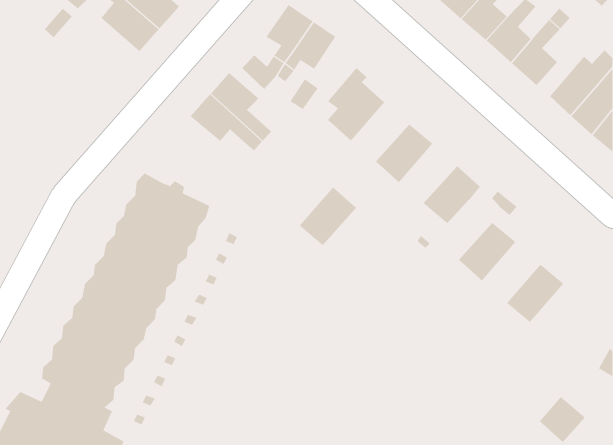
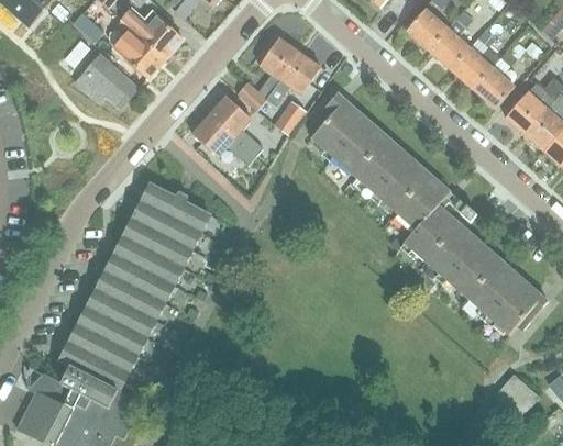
building: none -> [76,54,140,108]
building: none -> [375,158,426,210]
building: [299,186,357,246] -> [333,122,384,174]
building: none -> [405,208,456,259]
building: none -> [448,244,498,297]
building: none -> [489,280,550,333]

